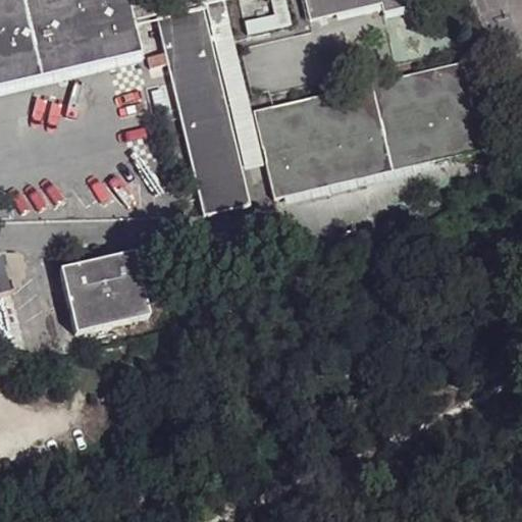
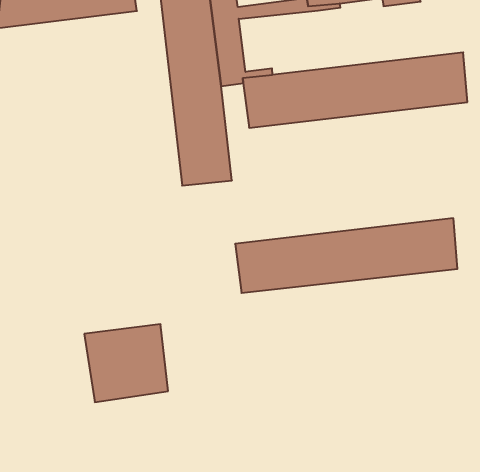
building: [260,101,479,196] -> [235,218,457,293]
building: [62,254,150,336] -> [84,324,168,402]

